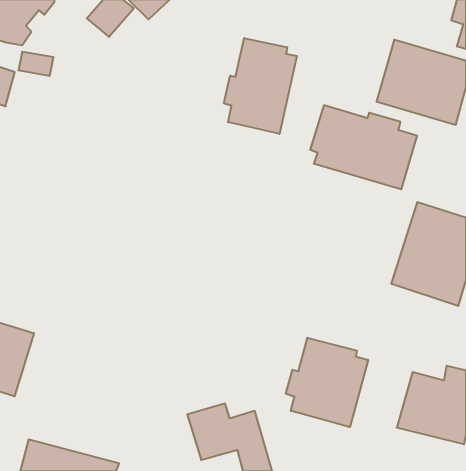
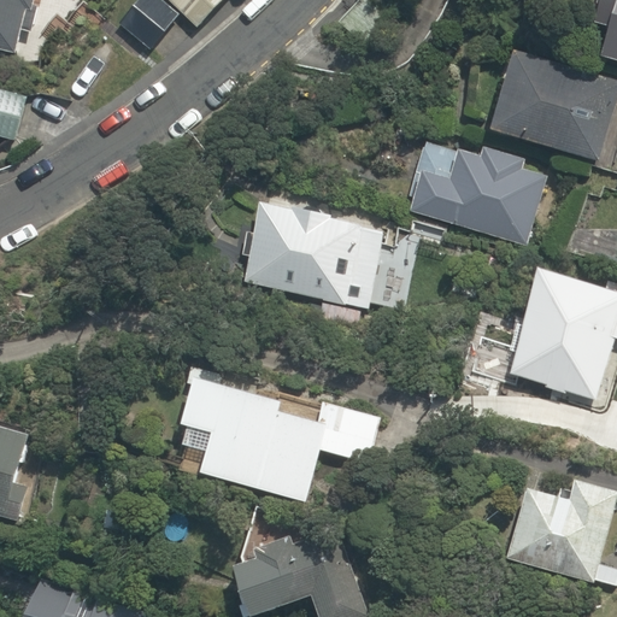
building: [224,38,297,134] -> none
building: none -> [243,205,383,310]
building: none -> [176,368,380,500]
building: [286,338,368,427] -> none

